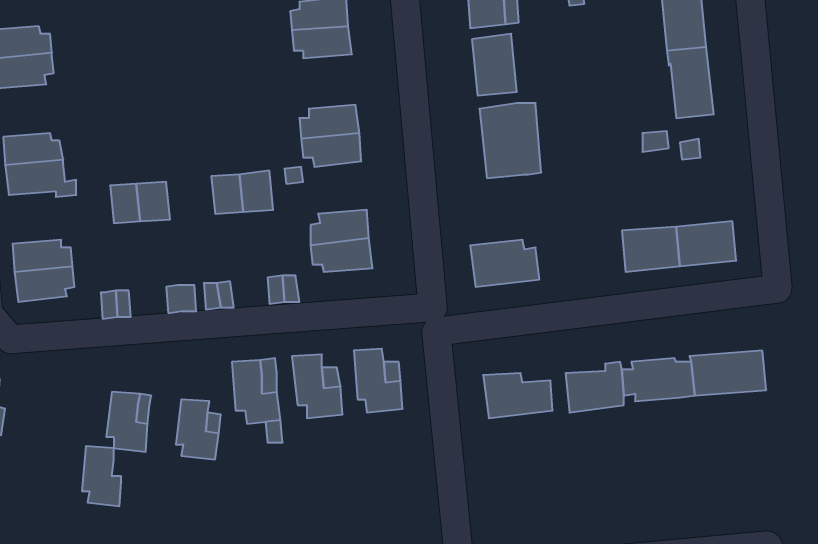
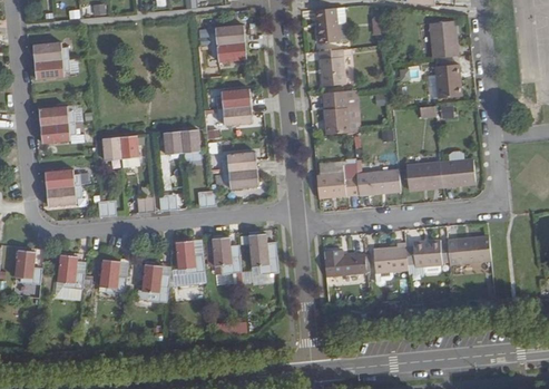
building: none -> [355,168,400,194]
building: [82,446,121,506] -> [59,256,82,292]

